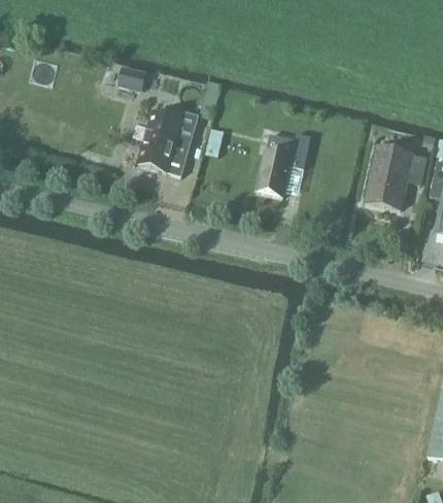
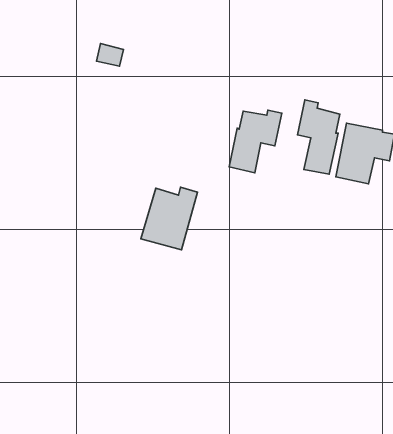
building: [140,109,199,174] -> [141,187,198,250]
building: none -> [297,100,340,174]

